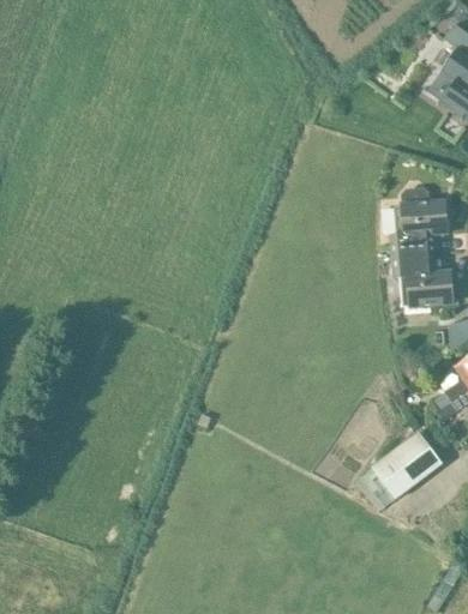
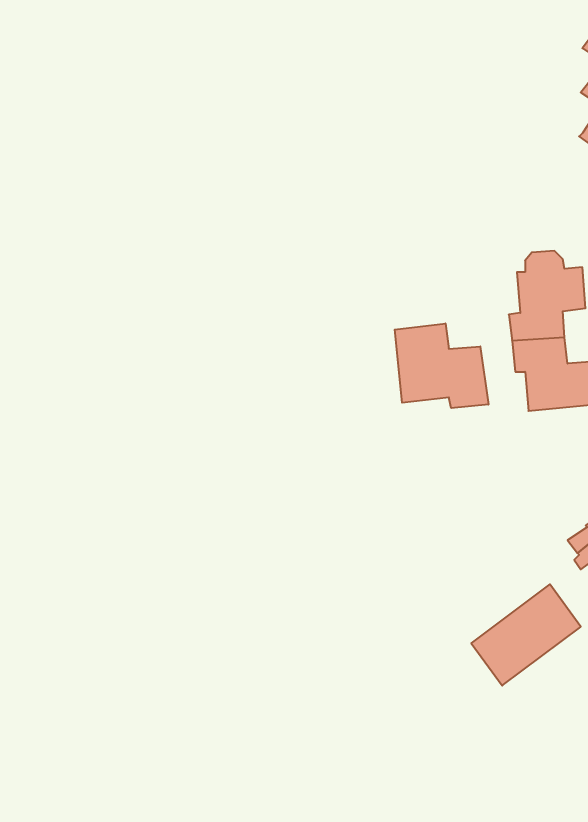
building: none -> [395,323,488,408]

